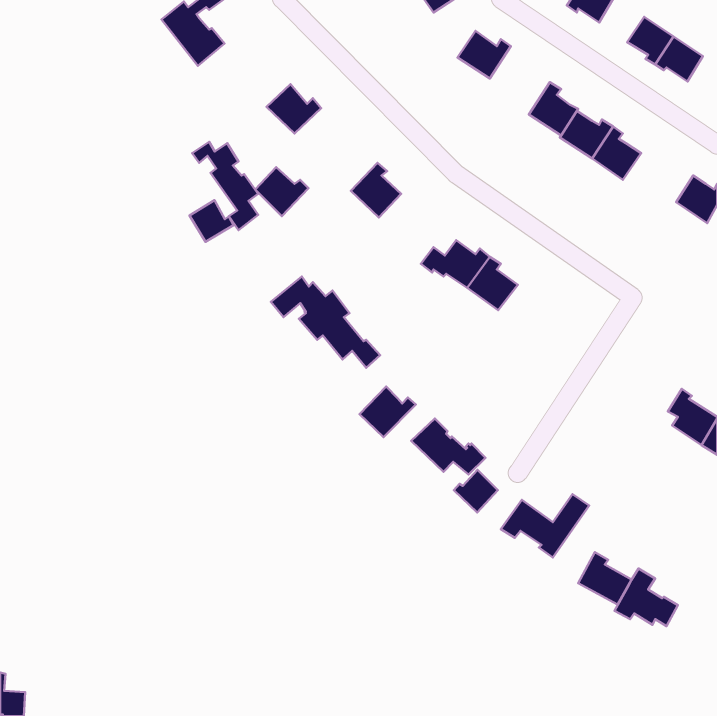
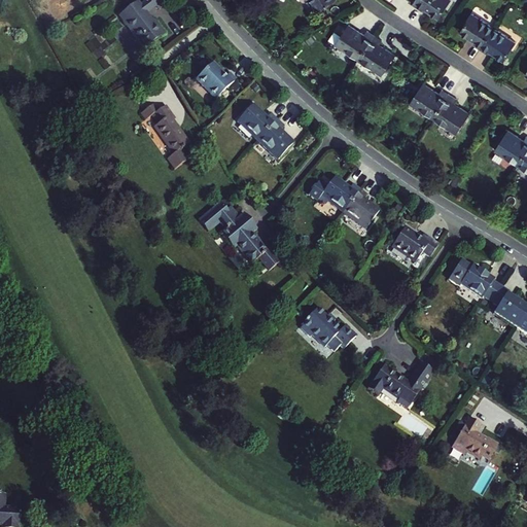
building: [529,82,578,135] -> [359,34,395,73]
building: [255,167,309,216] -> [238,104,277,140]
building: [189,200,233,242] -> none
building: none -> [392,226,438,261]
building: none -> [459,265,500,302]
building: [360,386,416,437] -> none
building: [454,470,498,512] -> none
building: [578,552,632,604] -> none

